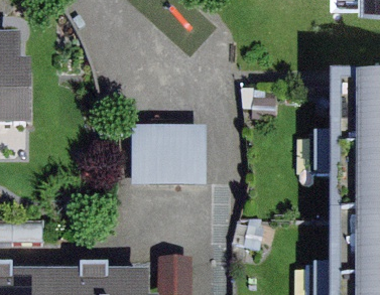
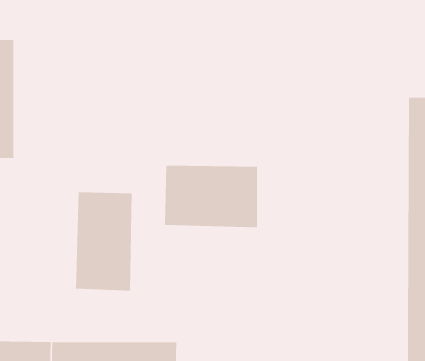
building: none -> [76,192,132,292]

